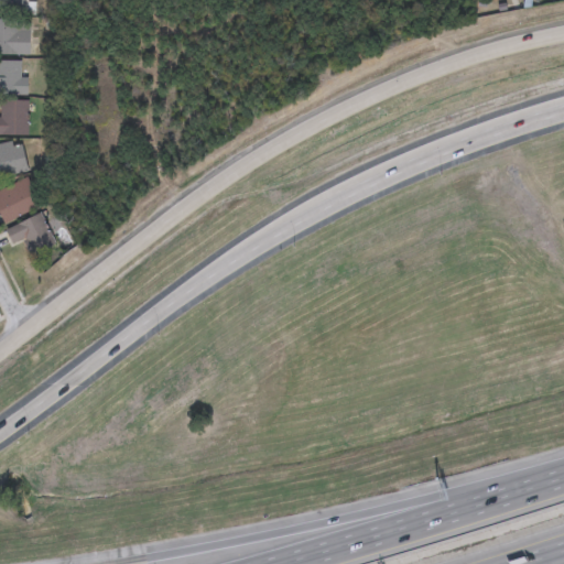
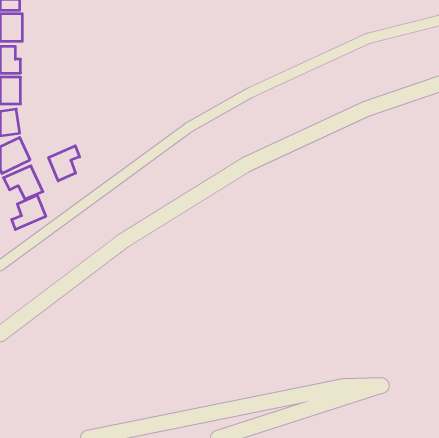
building: none -> [49,146,80,181]
building: none -> [12,195,46,230]

